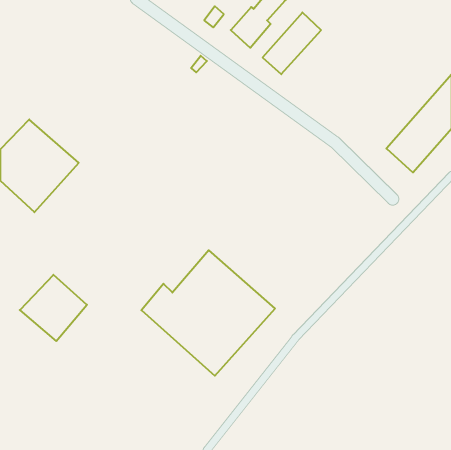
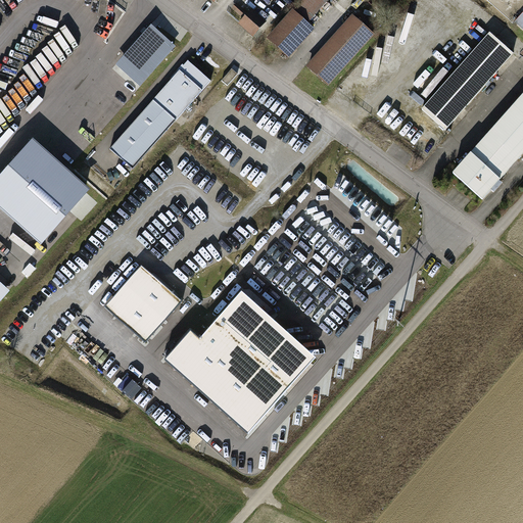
building: none -> [112,22,178,89]
building: none -> [419,31,512,130]
building: none -> [111,58,211,167]
building: [20,275,87,341] -> [105,265,183,341]

